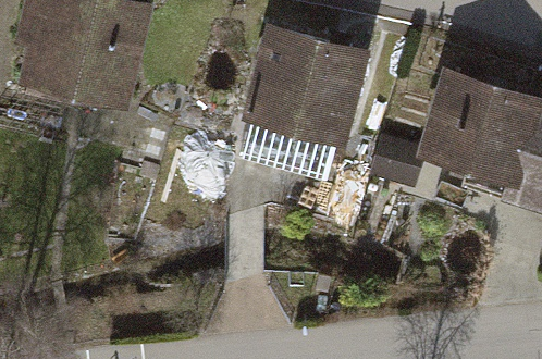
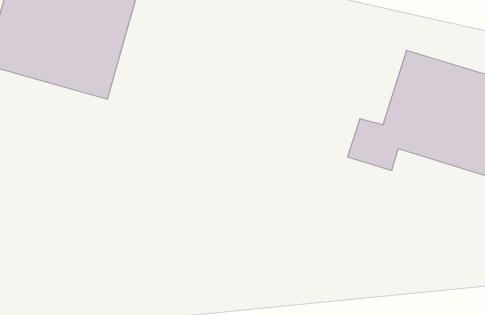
building: [241,27,373,148] -> none

